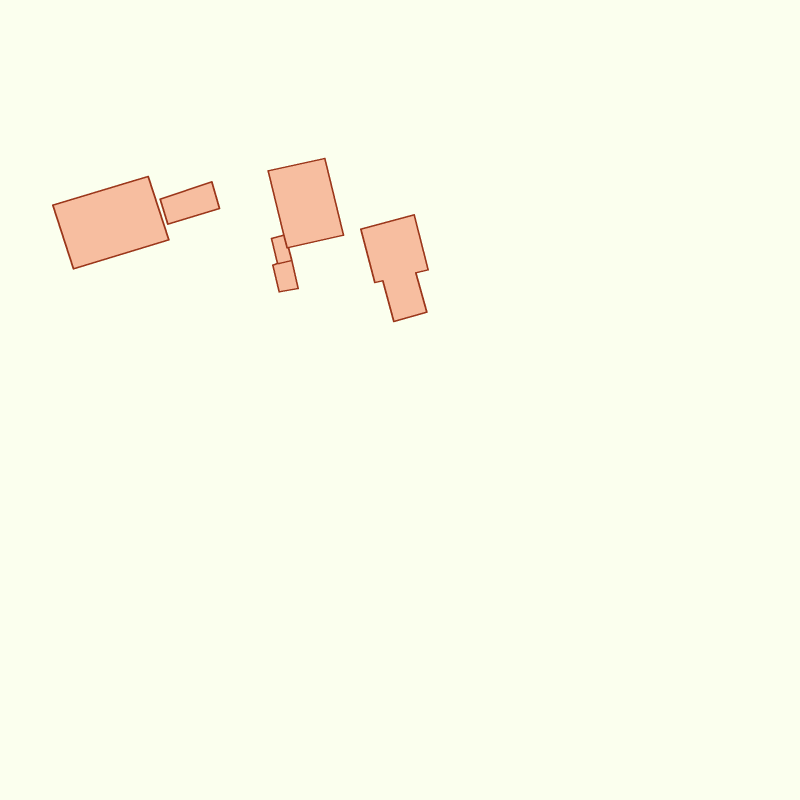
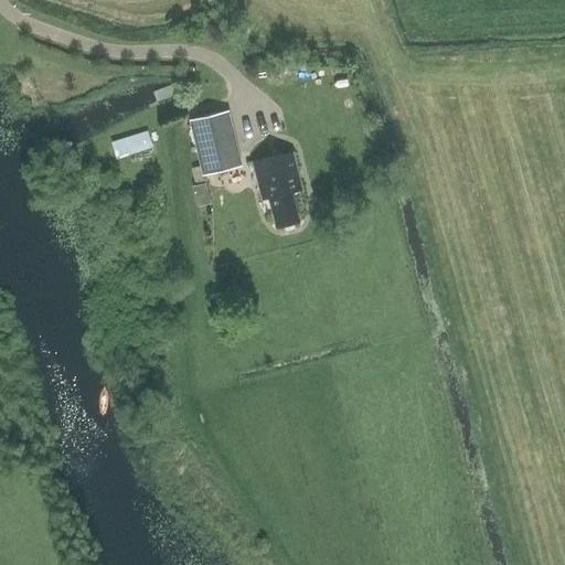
building: [53,176,169,269] -> none

